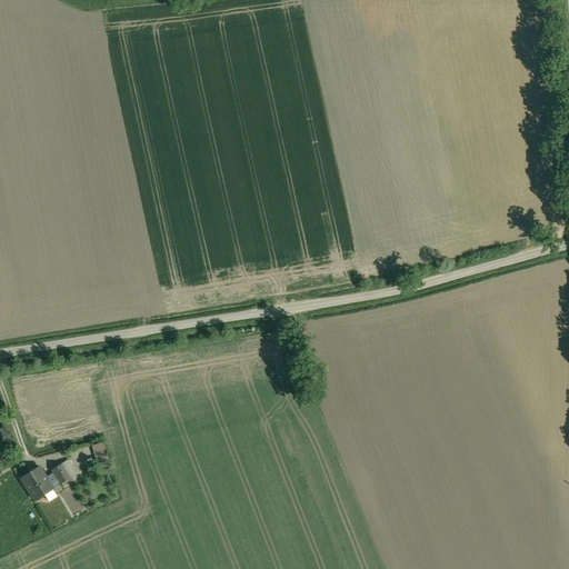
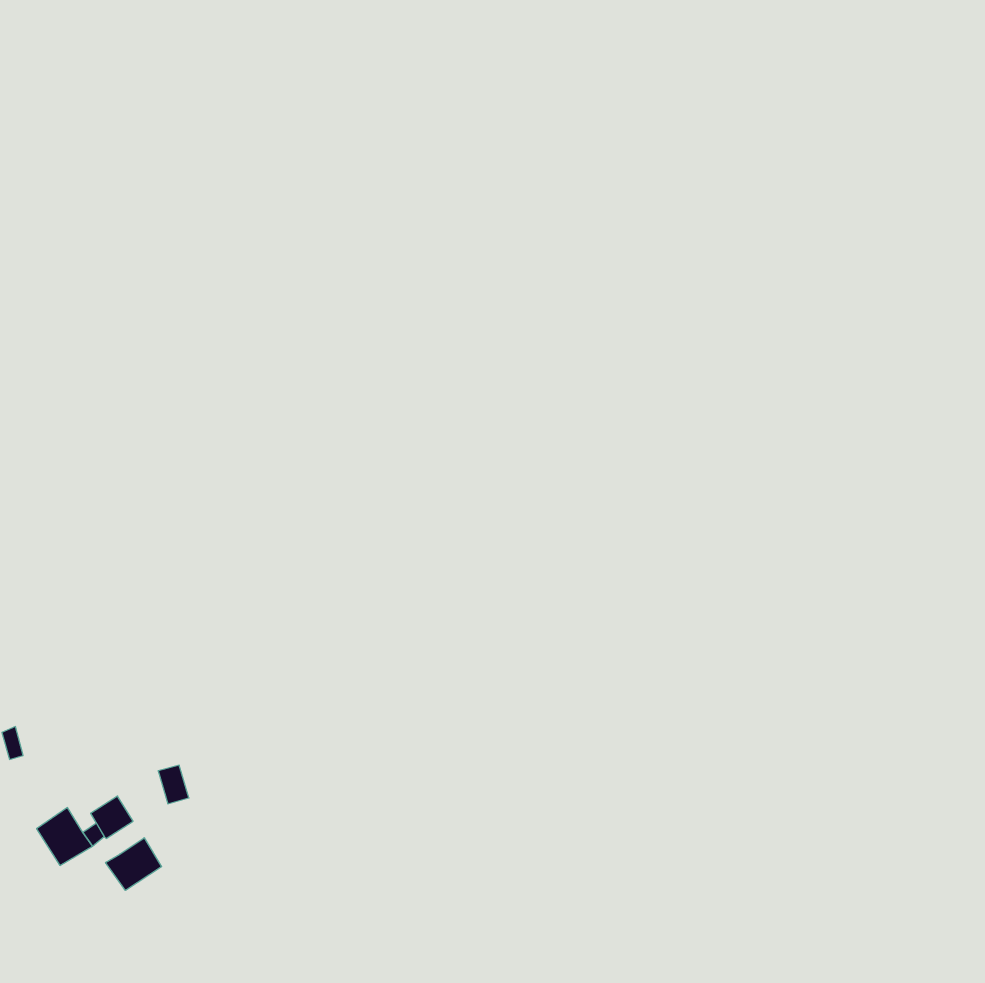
building: none -> [106,838,162,890]

